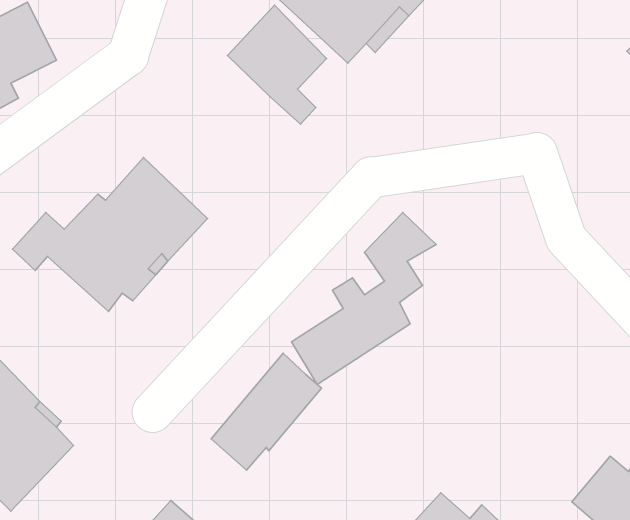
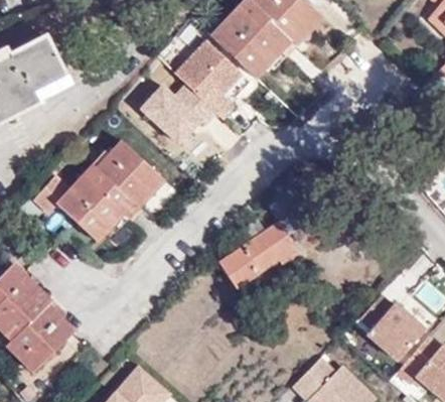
building: none -> [144,72,225,139]
building: [211,353,321,470] -> none
building: none -> [361,295,425,361]

